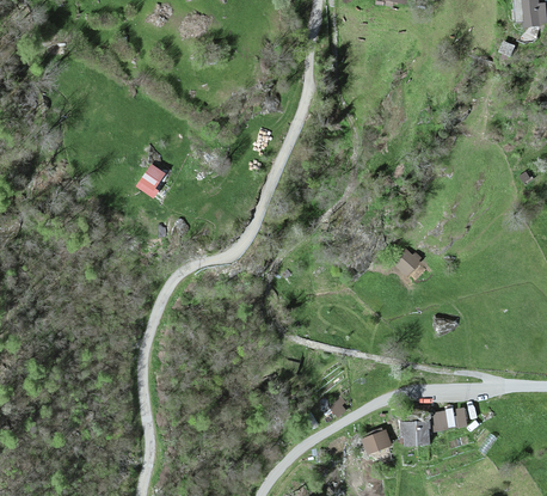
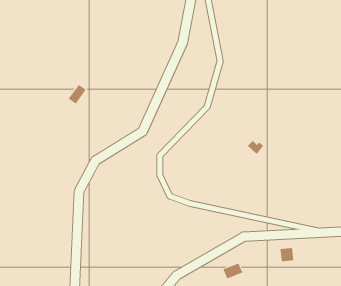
building: [401,422,429,446] -> none

